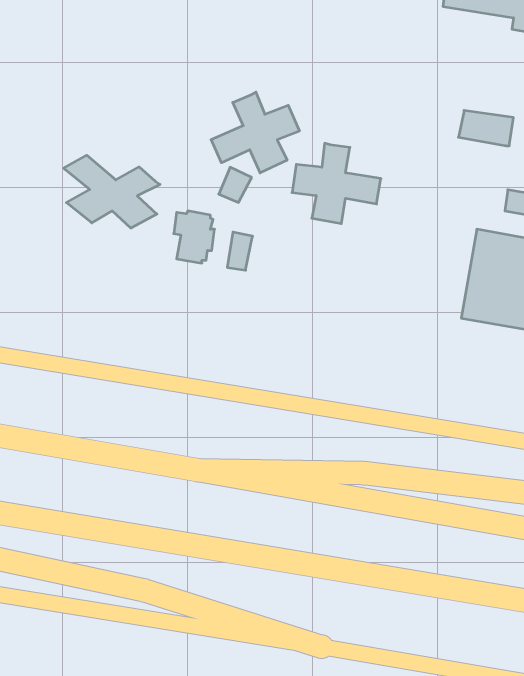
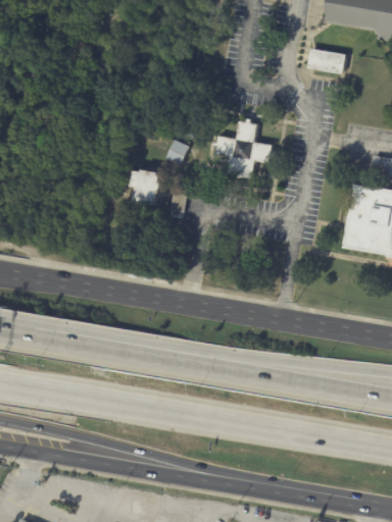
building: [211,92,299,173] -> none
building: [458,110,513,146] -> [305,48,345,73]
building: [64,155,160,228] -> none

